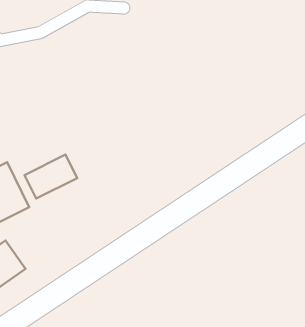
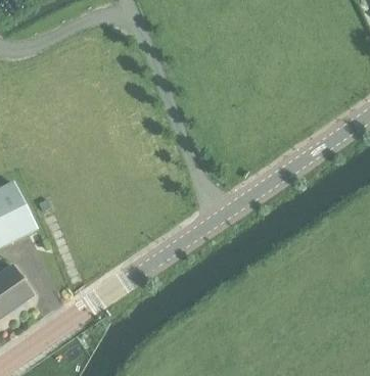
building: [24,155,77,199] -> none

